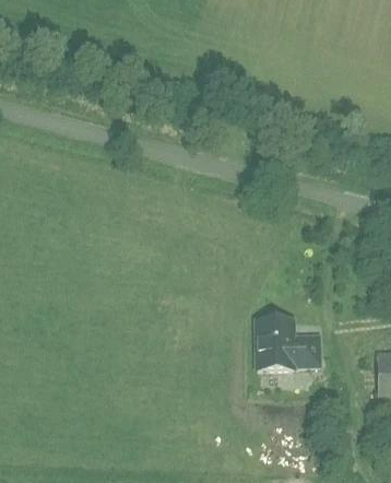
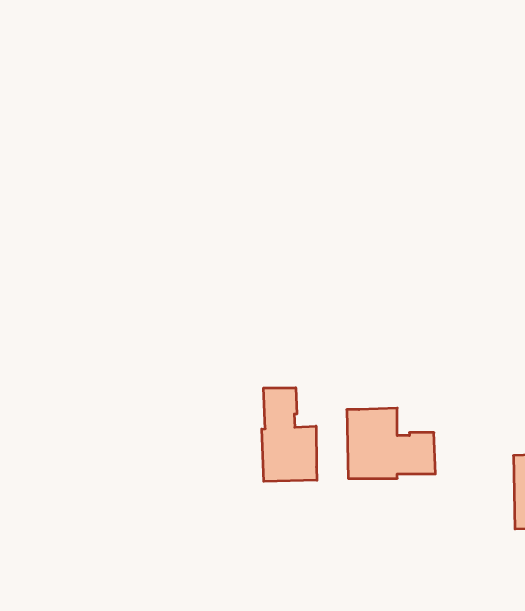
building: none -> [262,388,317,481]

